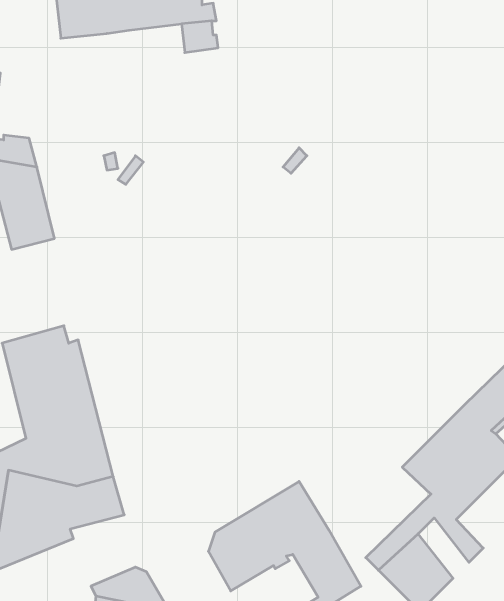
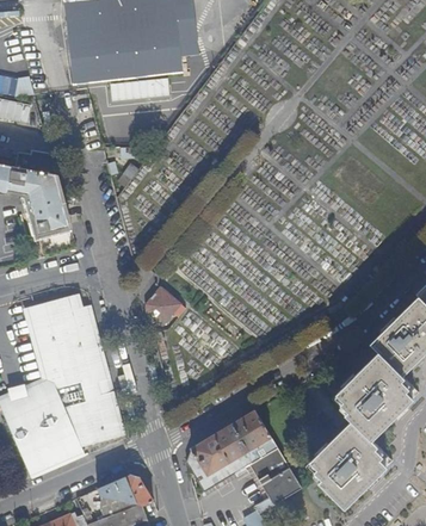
building: none -> [144,286,184,326]
building: none -> [342,437,381,482]

